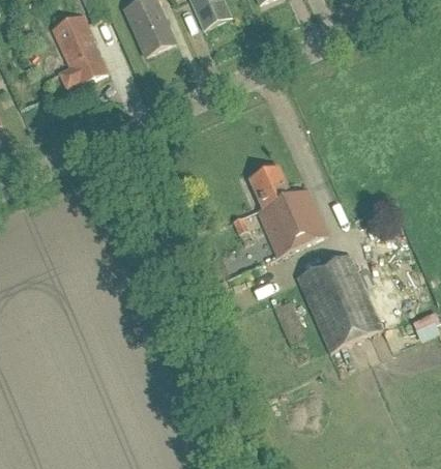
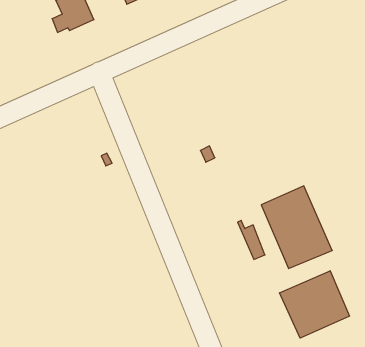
building: [253,166,329,258] -> none
building: none -> [280,271,349,338]

